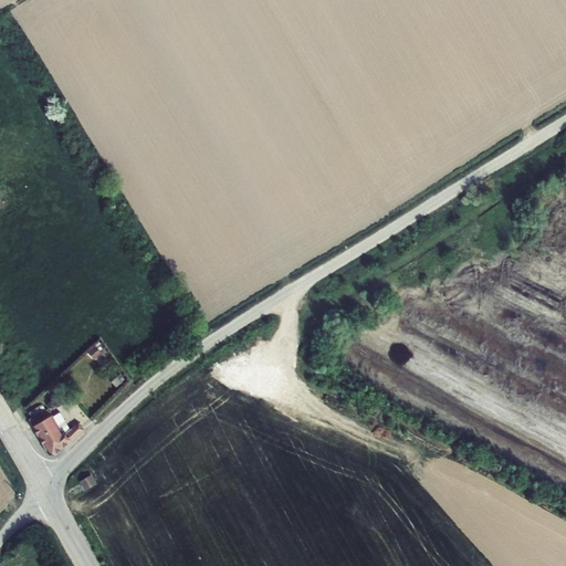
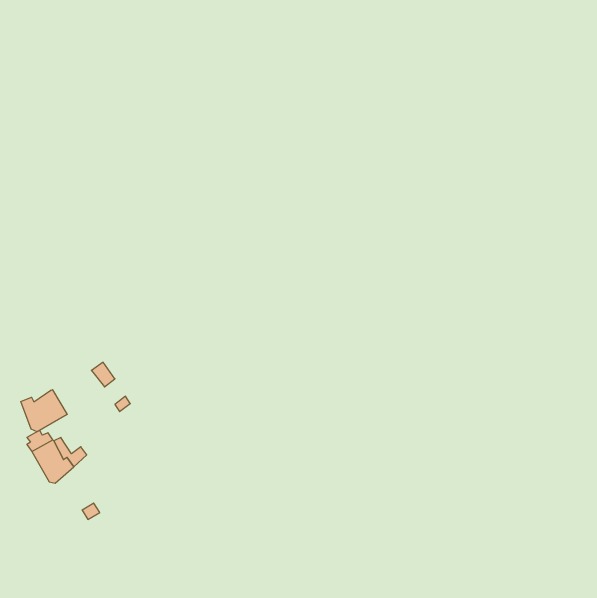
building: none -> [21,390,67,432]

